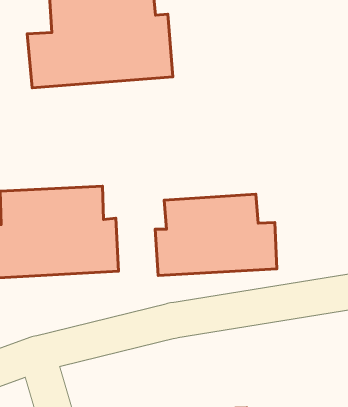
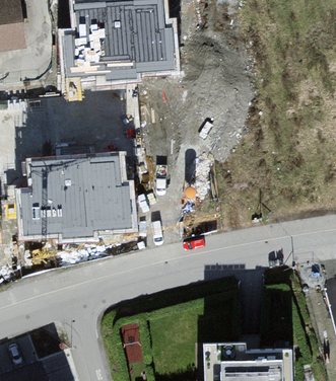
building: [155,194,277,276] -> none

